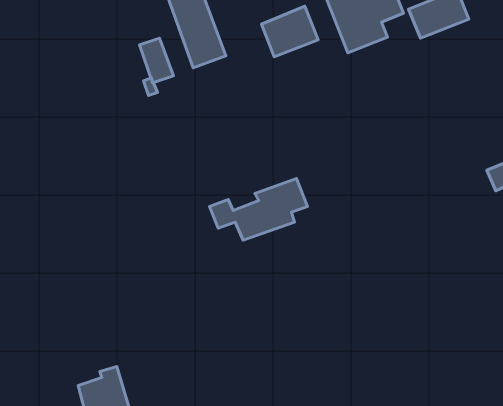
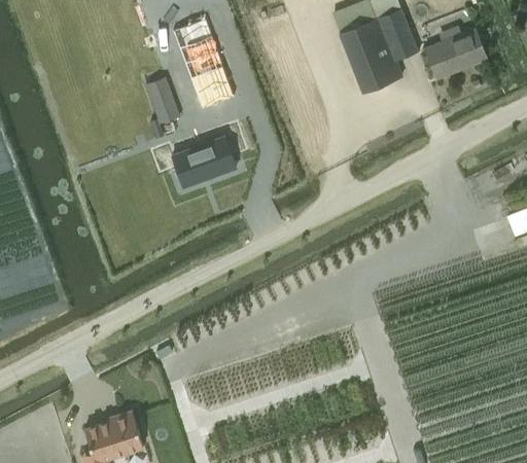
building: [262,6,318,57] -> none
building: [209,179,308,240] -> [147,124,249,188]

